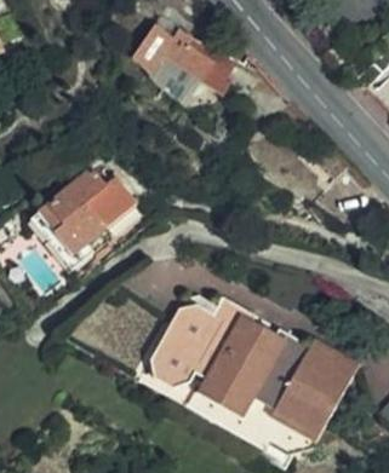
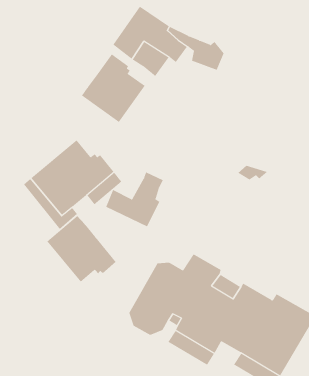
building: none -> [81,54,146,123]
building: none -> [106,172,164,227]
building: none -> [46,215,117,282]

